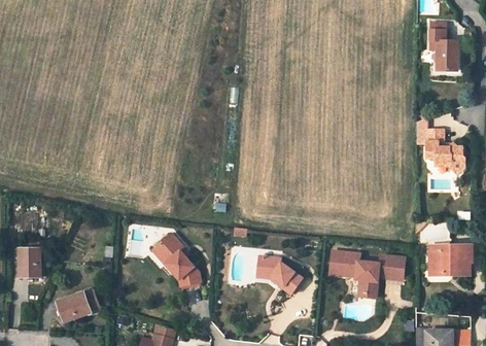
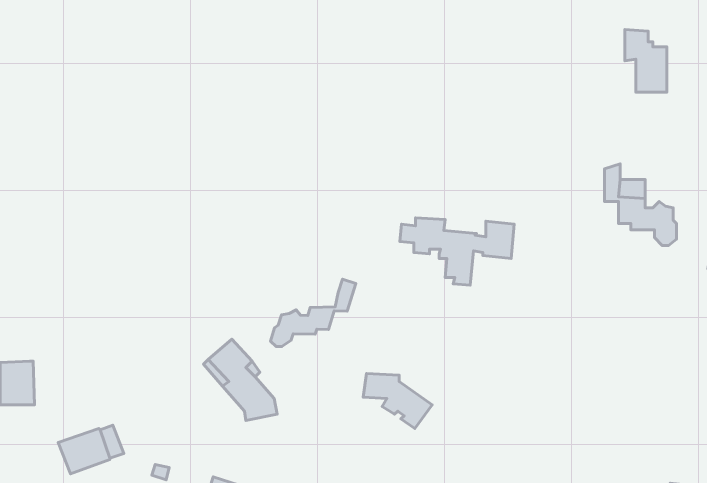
building: none -> [270,279,356,347]
building: [429,245,473,275] -> none
building: [328,250,404,295] -> [400,218,514,285]

